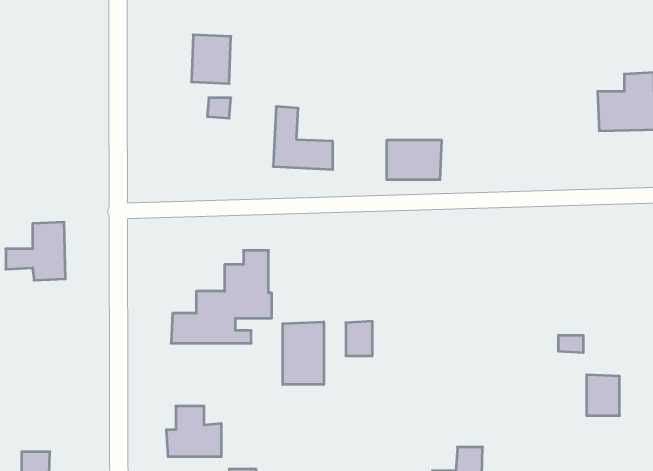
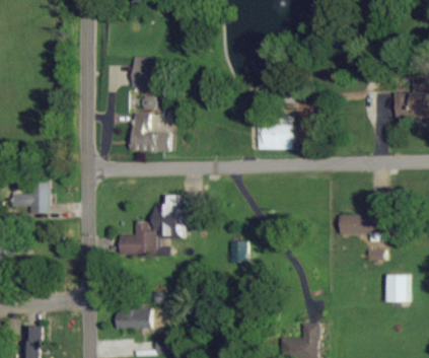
building: [273,107,333,170] -> [131,112,169,152]
building: none -> [338,214,384,240]
building: [283,322,324,385] -> none

